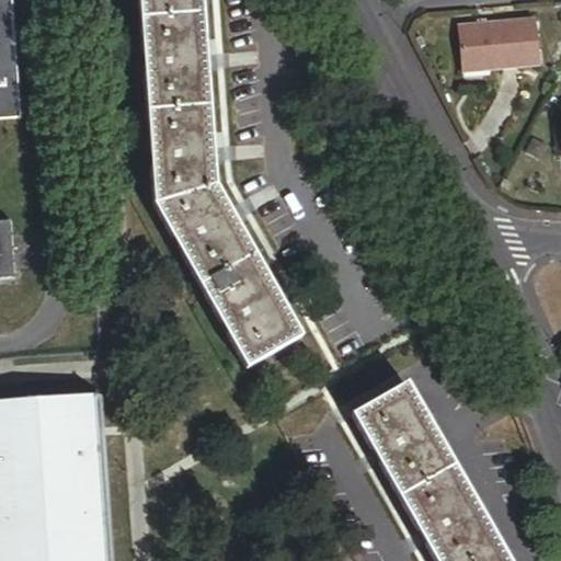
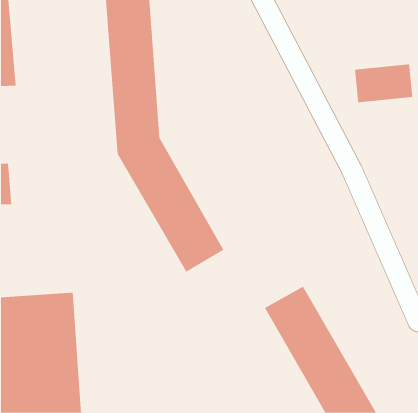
building: [461,16,540,69] -> [354,64,413,103]

